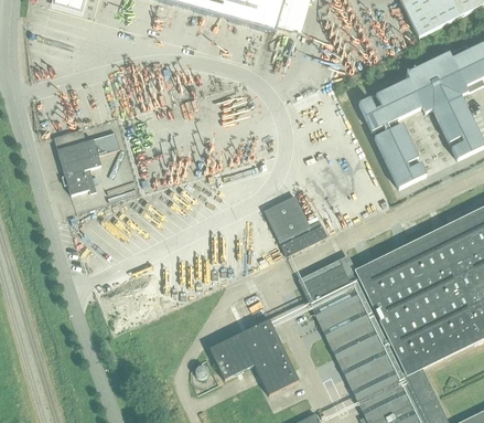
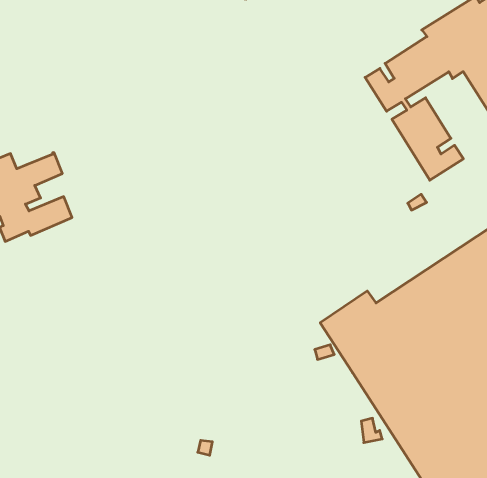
building: [265,195,326,255] -> none
building: [209,319,299,394] -> none

